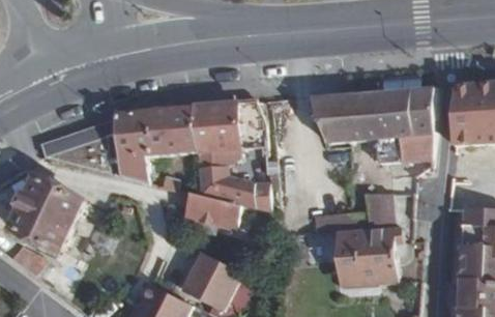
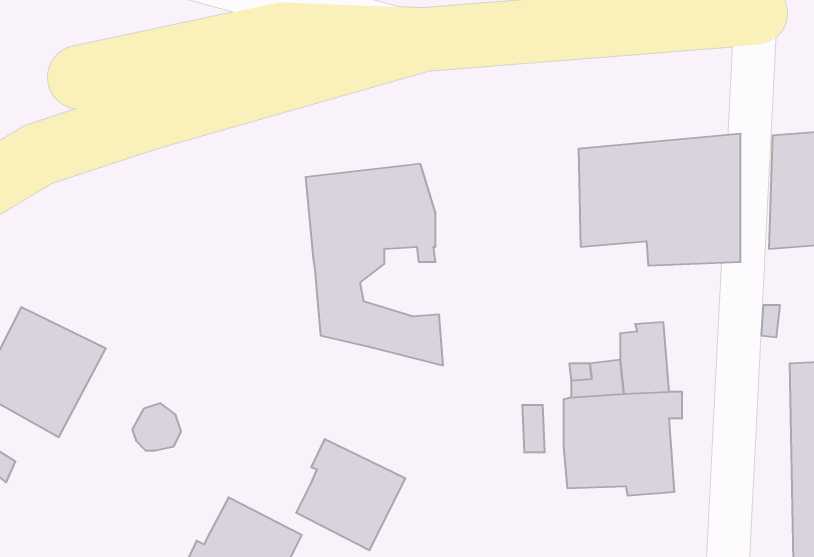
building: [311,91,345,147] -> none
building: [43,107,198,191] -> none
building: [187,192,229,225] -> none

